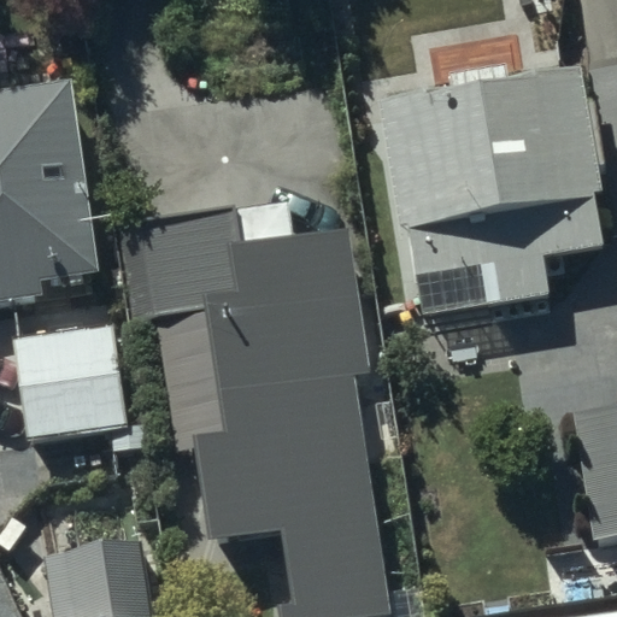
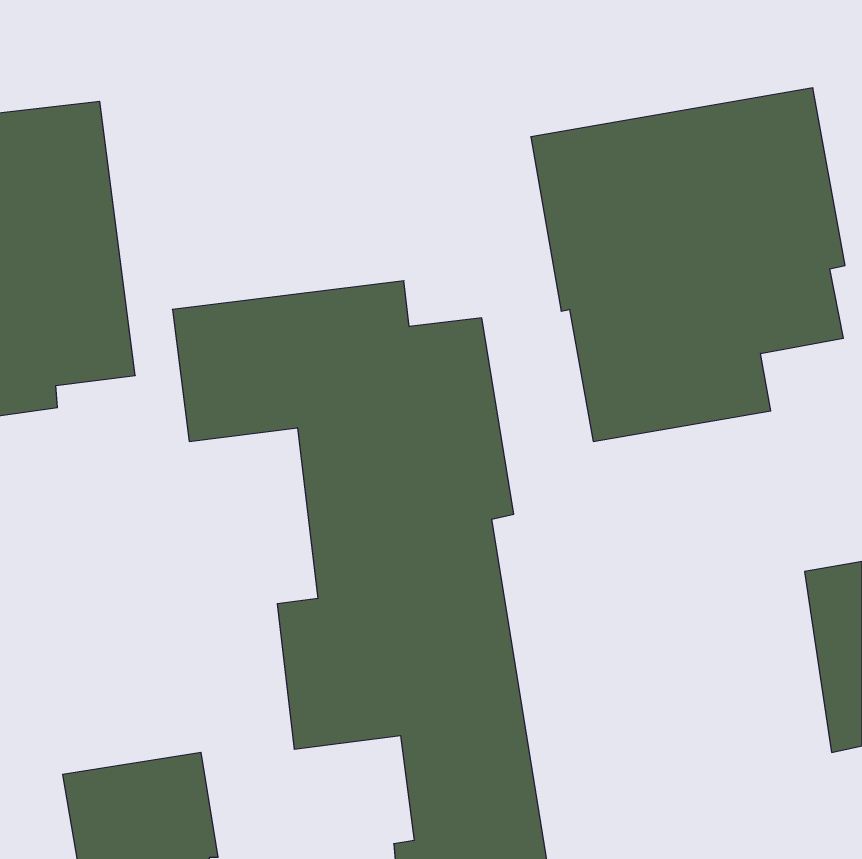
building: [13,327,128,439] -> none

